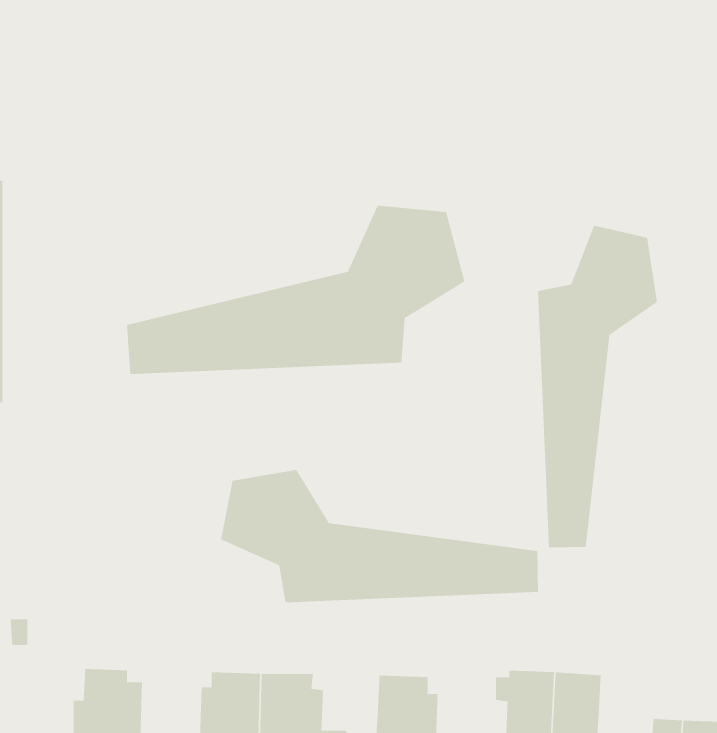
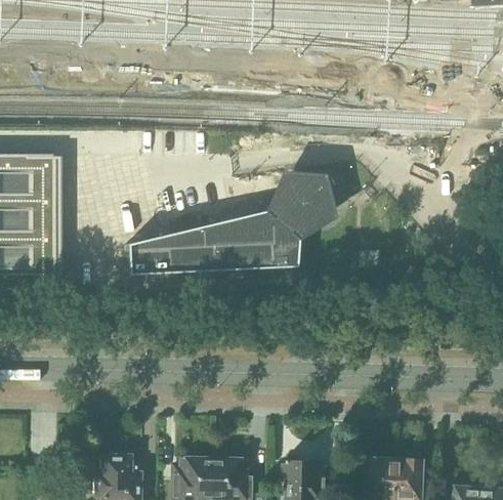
building: [537,225,657,548] -> none
building: [221,469,538,603] -> none

